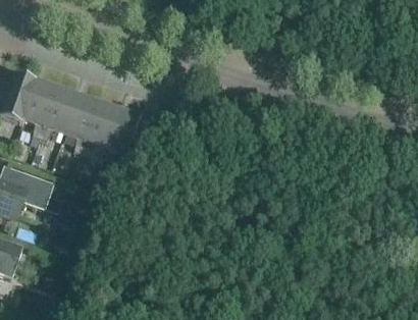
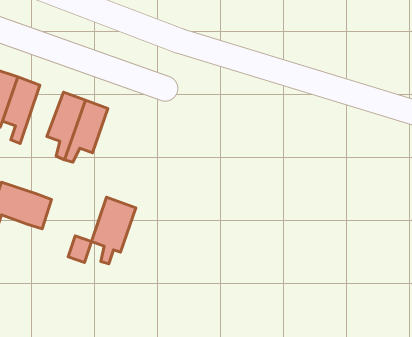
building: [33,84,70,138] -> none
building: [96,104,135,162] -> [91,197,136,264]

